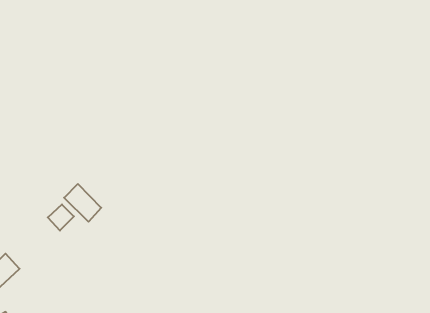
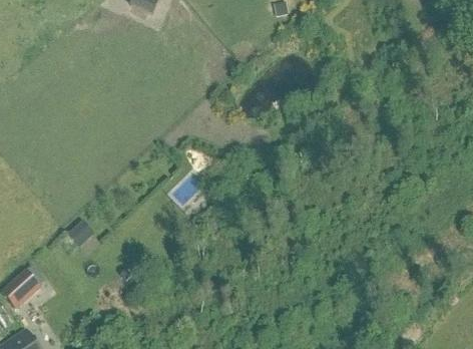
building: [64,184,101,222] -> none

